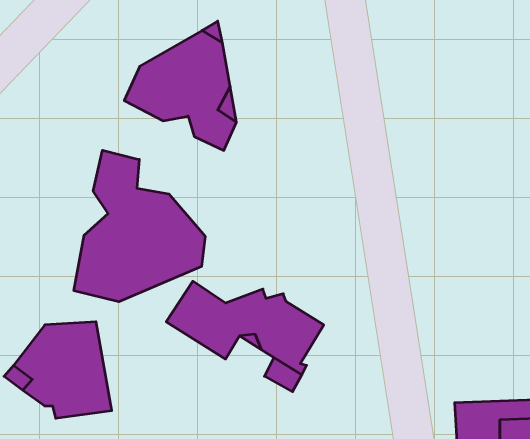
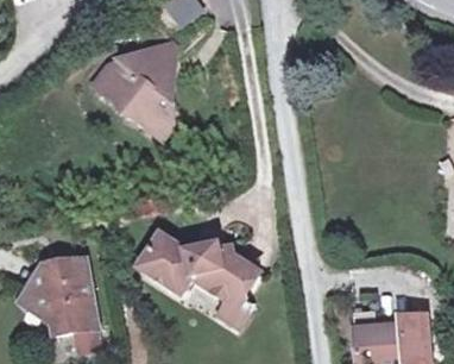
building: [74,150,205,302] -> none

